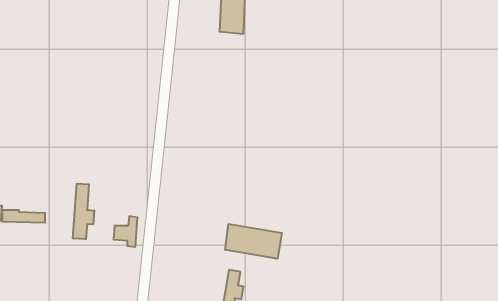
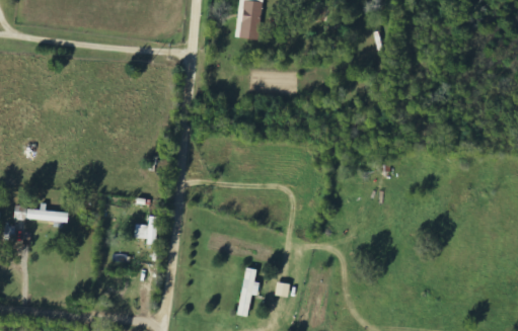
building: [73,184,94,239] -> none
building: [225,224,282,259] -> none

